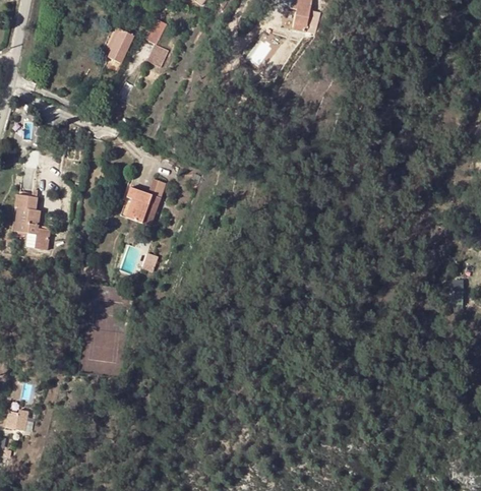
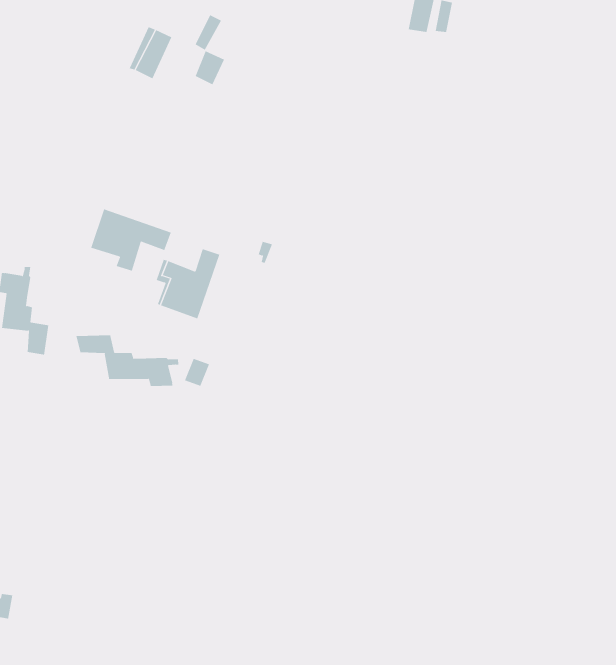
building: none -> [90,208,171,272]
building: none -> [76,335,179,387]

